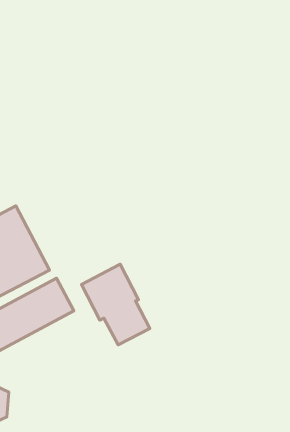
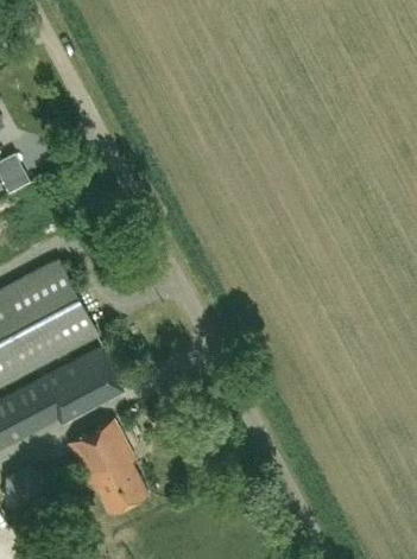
building: [82,264,150,345] -> [69,420,149,514]

